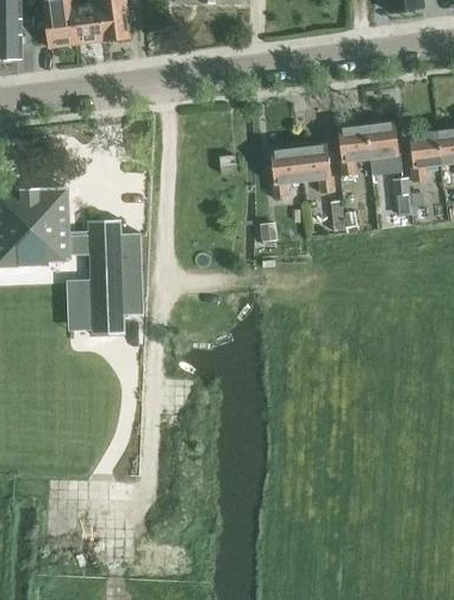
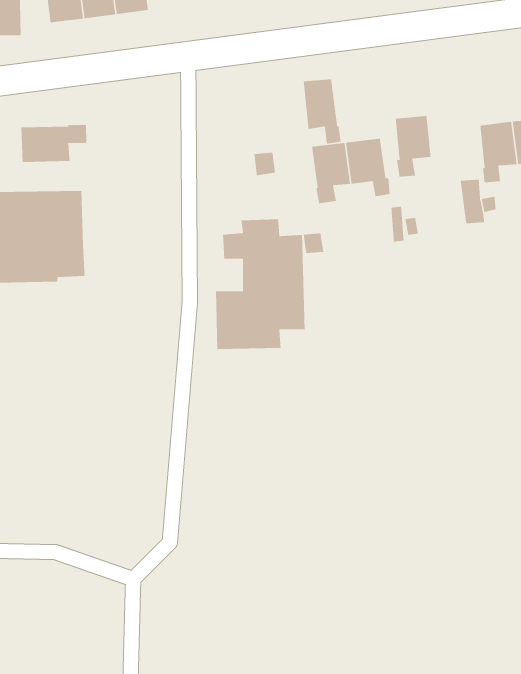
building: none -> [303,79,341,144]
building: [363,120,400,170] -> none
building: none -> [20,124,87,163]
building: [68,220,144,331] -> [215,218,306,350]

